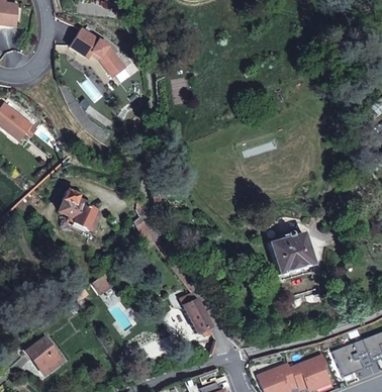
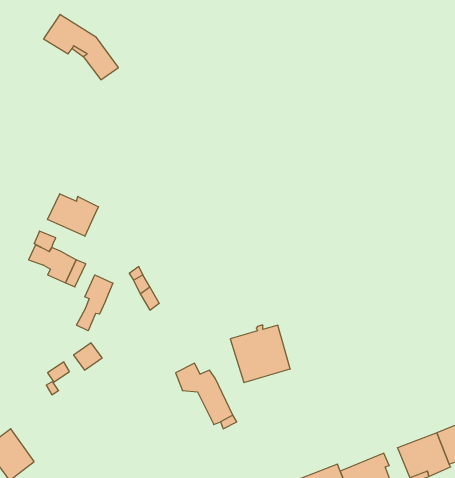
building: none -> [48,194,99,236]
building: none -> [77,275,113,331]
building: [270,232,314,275] -> [230,325,290,383]

